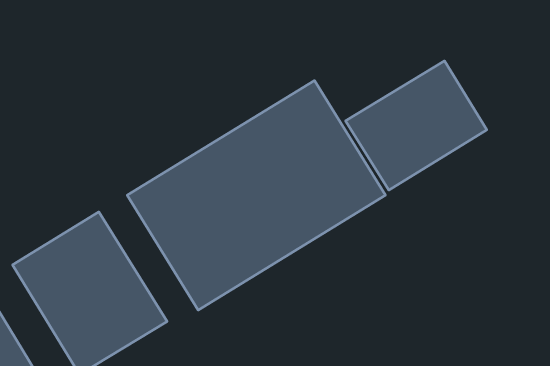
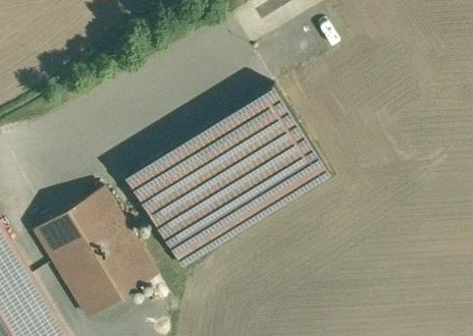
building: [345,61,487,190] -> none

